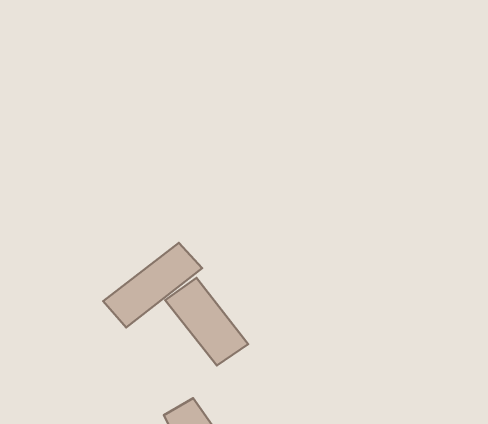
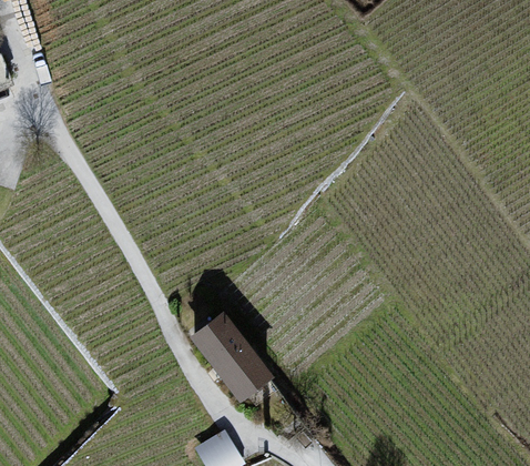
building: [103,243,202,327] -> none

